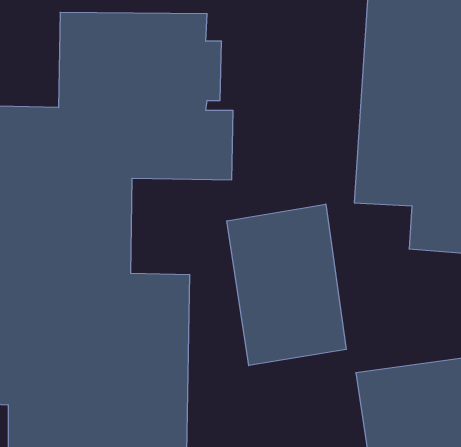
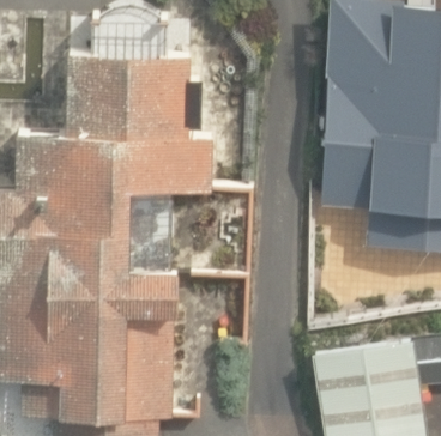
building: [227,204,346,366] -> none

